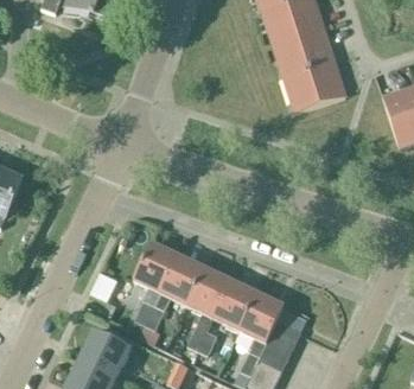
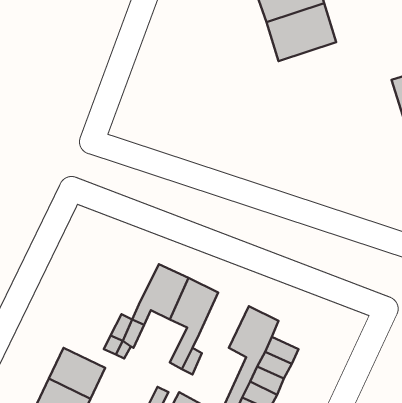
building: [284,59,346,110] -> none
building: [134,242,178,291] -> none
building: [214,280,257,329] -> none

